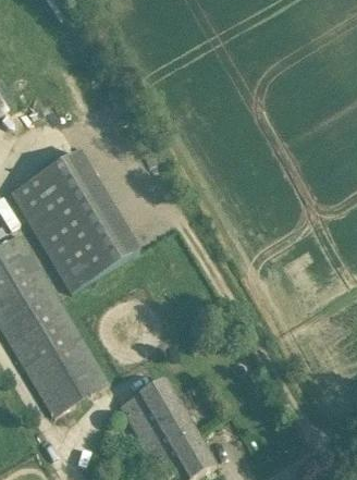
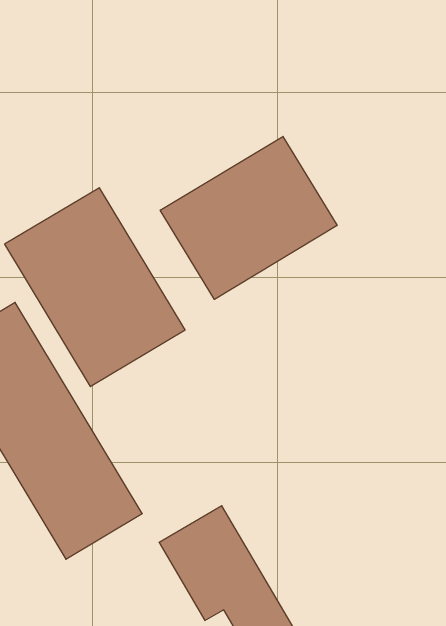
building: none -> [160,136,337,299]

